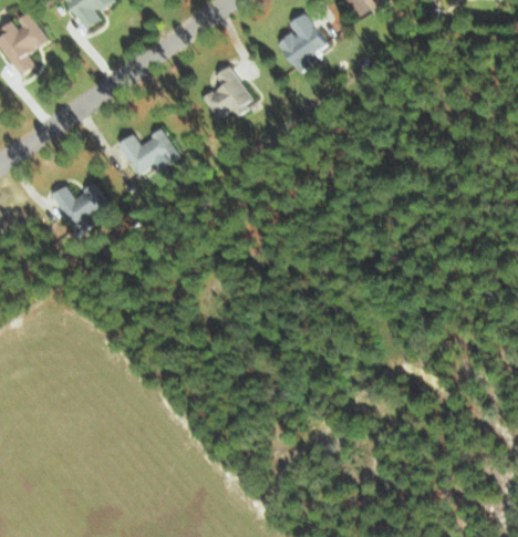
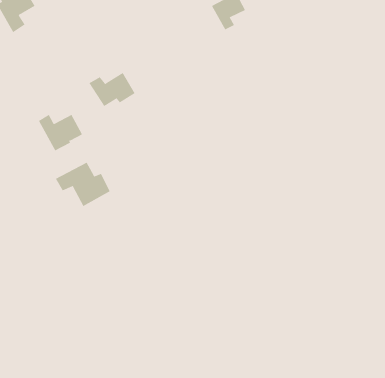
building: [203,65,251,118] -> none
building: none -> [55,162,111,207]

